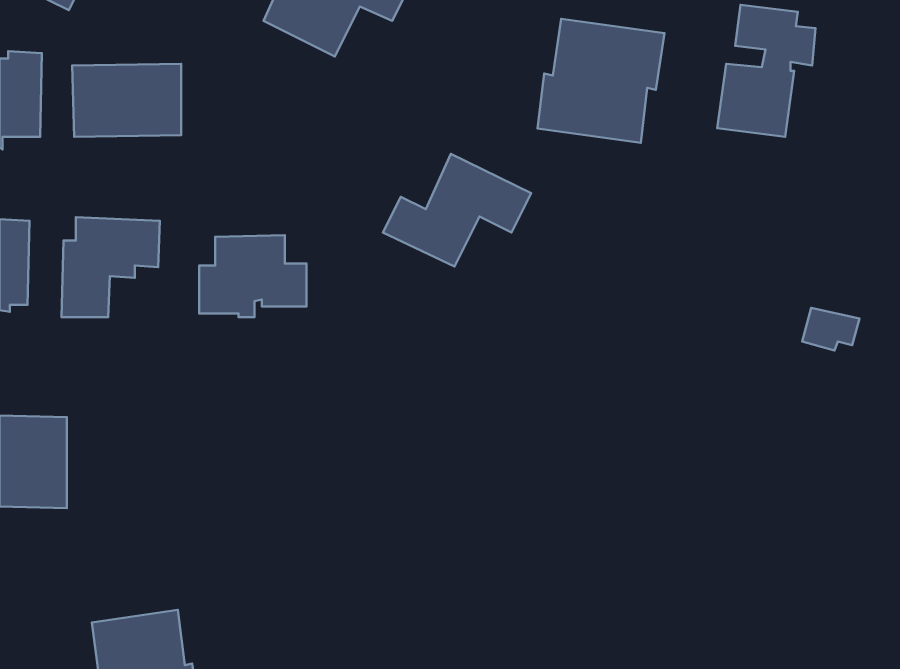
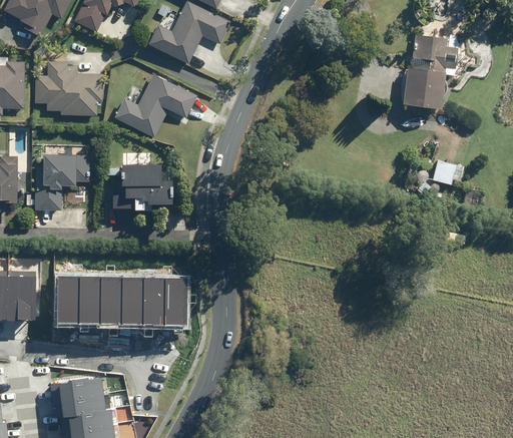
building: [538,19,665,143] -> none
building: [383,154,531,266] -> [114,74,197,137]
building: [802,308,859,351] -> [433,160,465,184]
building: none -> [57,276,189,327]

